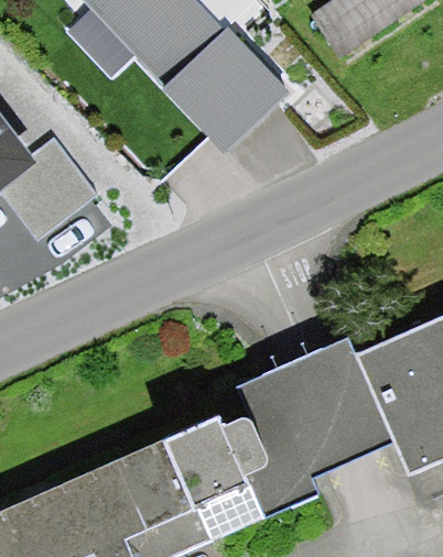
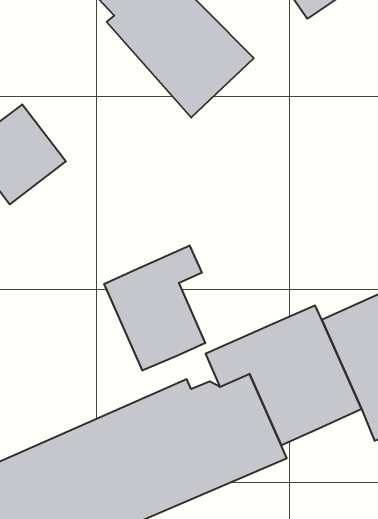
building: none -> [104,245,205,371]

